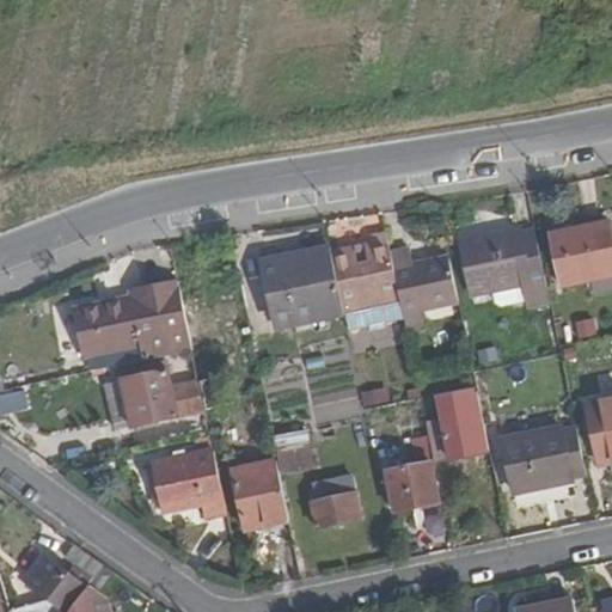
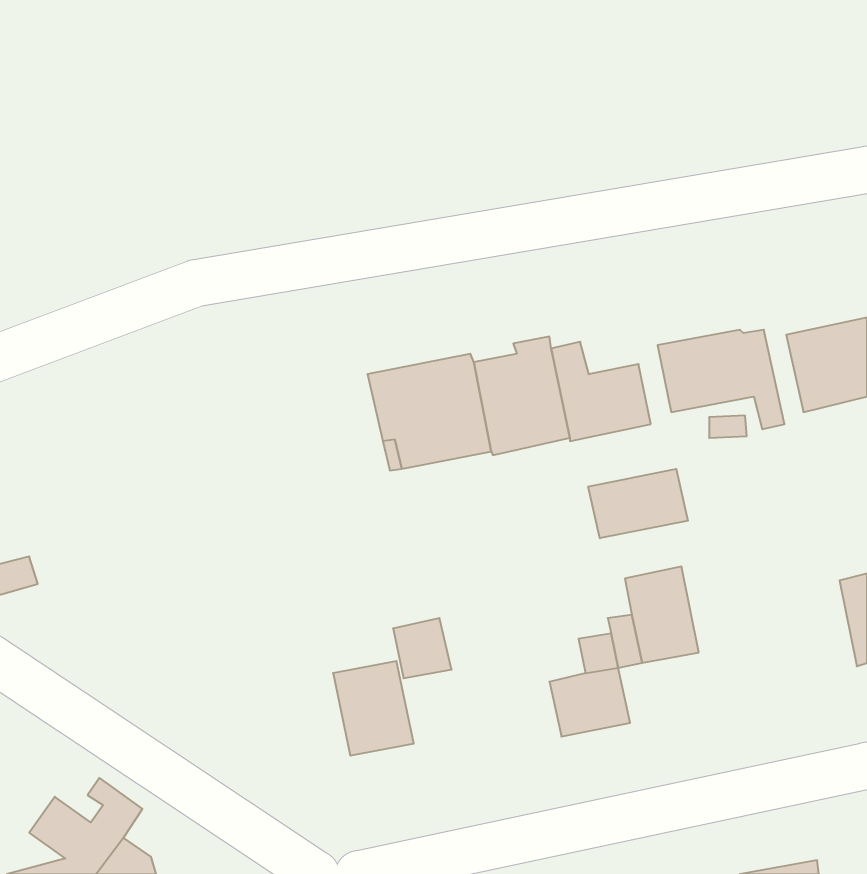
building: [73,287,191,357] -> none
building: none -> [588,469,688,538]
building: [117,366,201,426] -> none
building: [498,424,585,492] -> none
building: [148,449,226,519] -> none
building: [310,476,359,527] -> none

